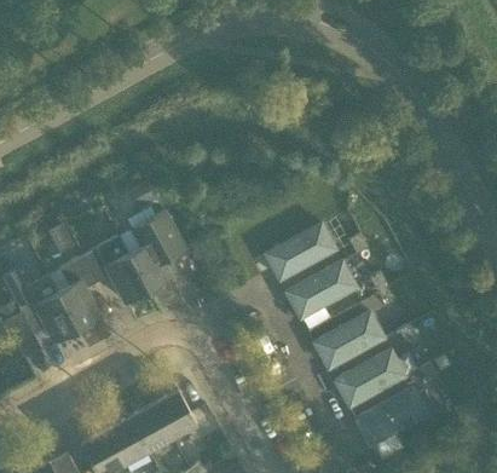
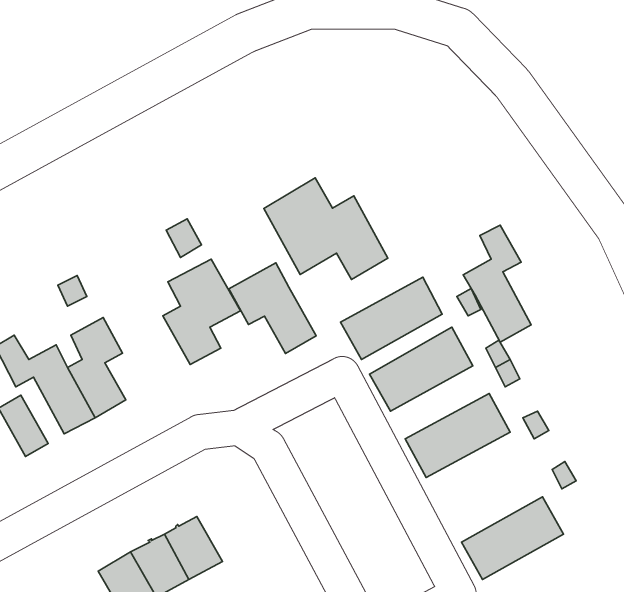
building: none -> [264,178,388,279]
building: none -> [463,225,531,342]
building: [86,232,151,300] -> [229,263,316,353]
building: [335,347,409,408] -> none
building: [156,387,200,434] -> none

